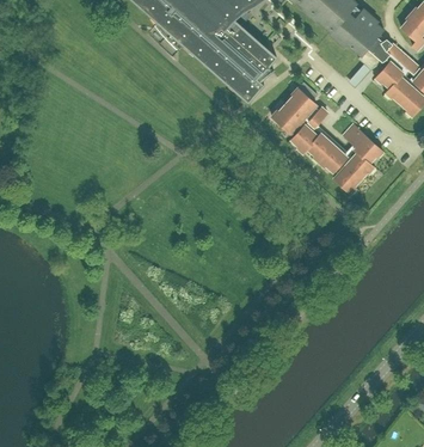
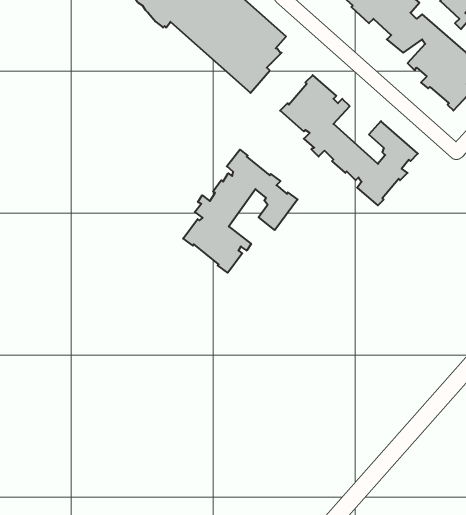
building: none -> [183,150,298,273]

